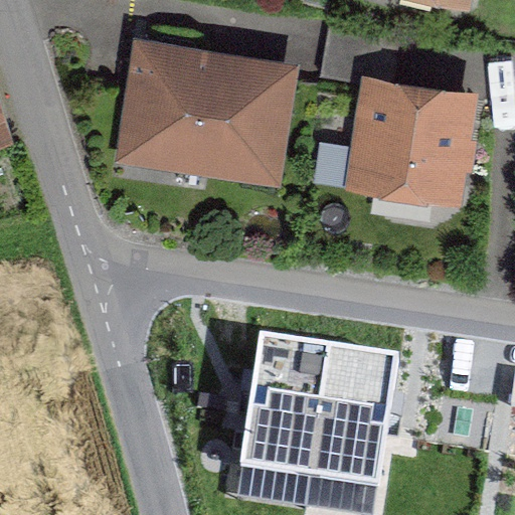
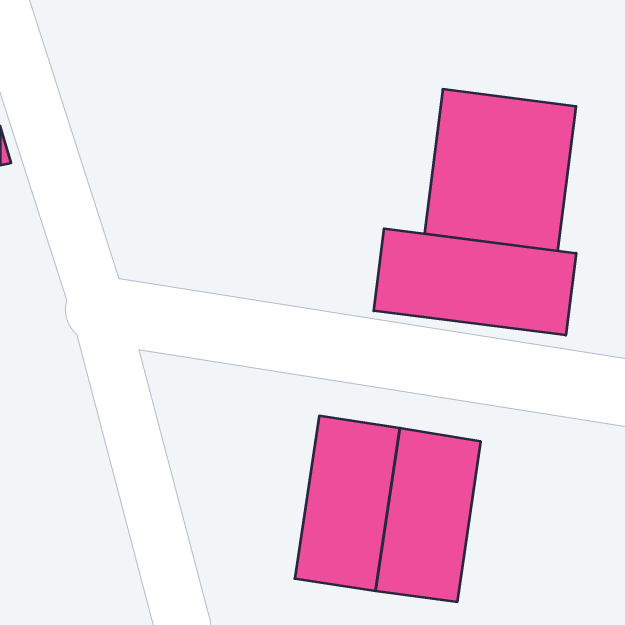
building: [115,40,295,189] -> none
building: none -> [374,229,576,335]

